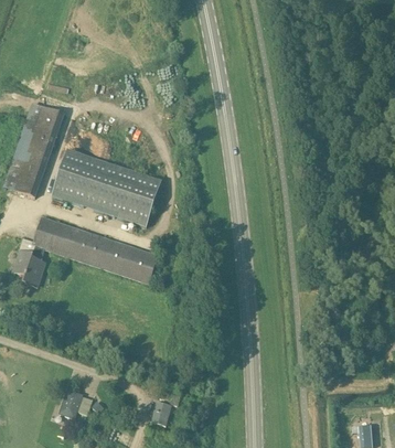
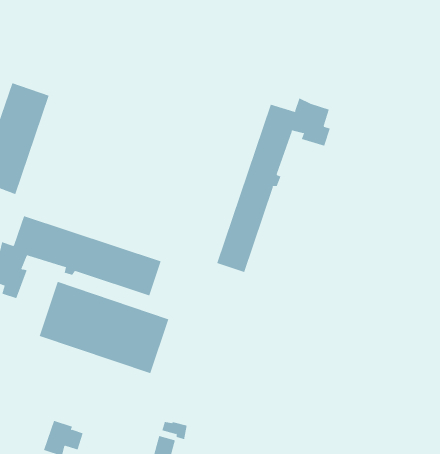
building: none -> [216,98,330,273]
building: [51,148,161,226] -> [39,281,169,374]

